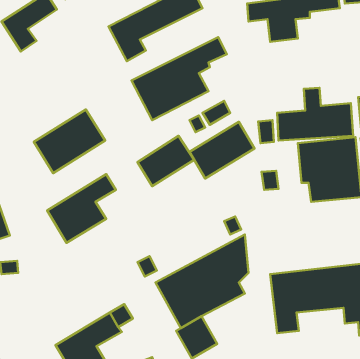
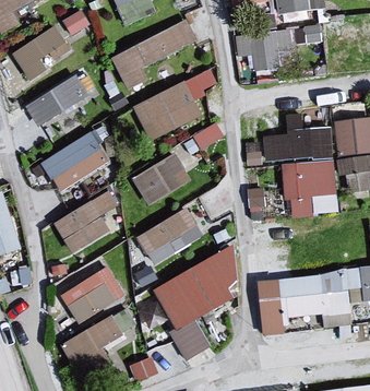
building: none -> [26,75,87,126]
building: [190,122,255,178] -> [141,211,200,262]
building: none -> [62,269,122,322]

